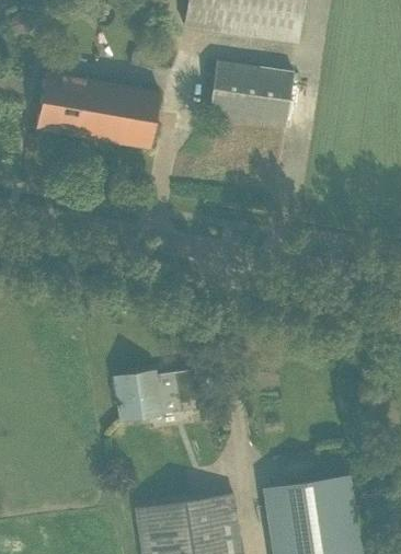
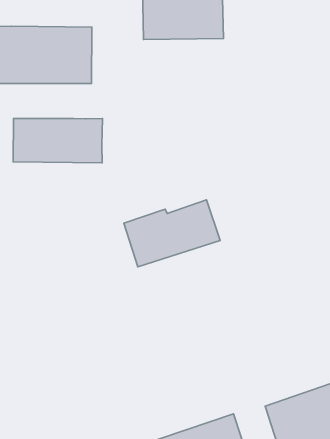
building: none -> [13,118,102,163]
building: [113,368,204,422] -> [124,200,220,267]

